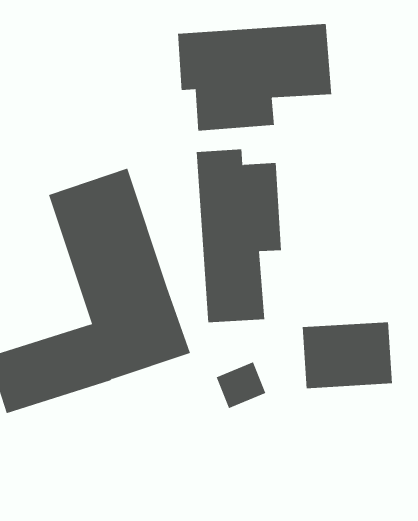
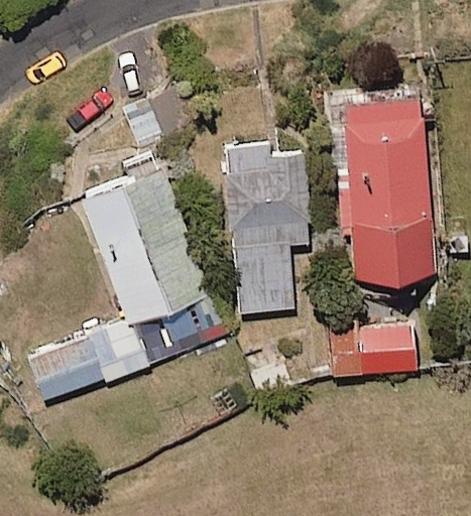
building: [177,23,332,132] -> none
building: none -> [340,102,433,286]

